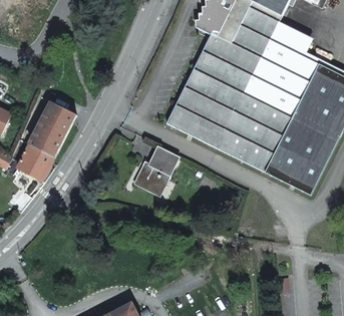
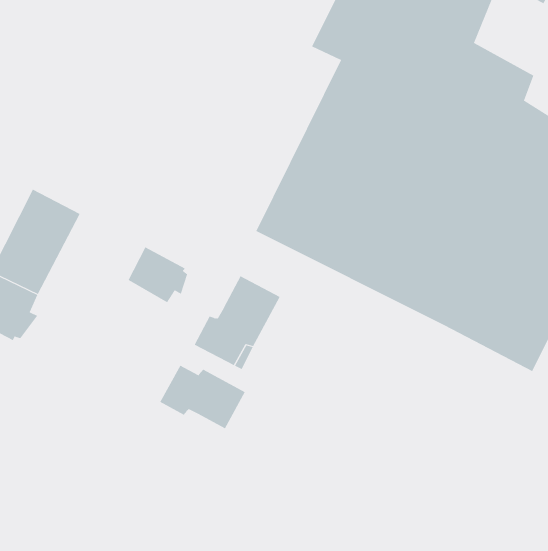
building: none -> [127,246,188,303]
building: none -> [160,365,246,429]

